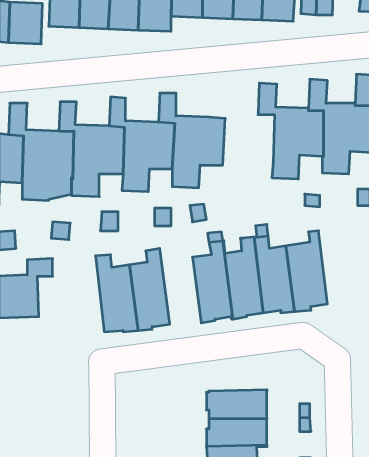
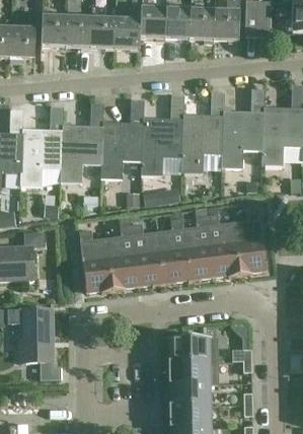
building: none -> [170,95,223,171]
building: none -> [131,223,164,285]
building: none -> [19,308,54,362]

